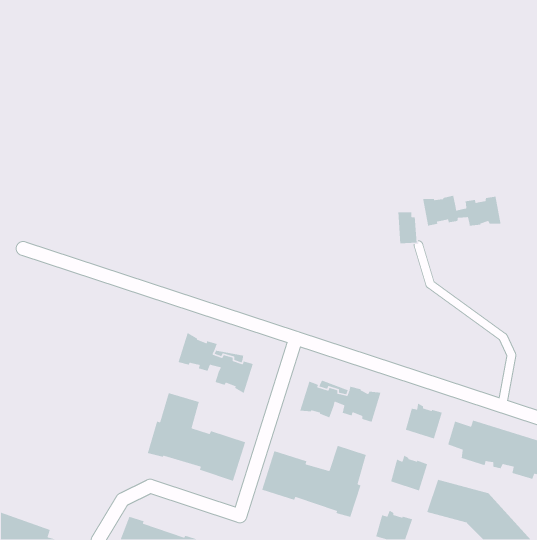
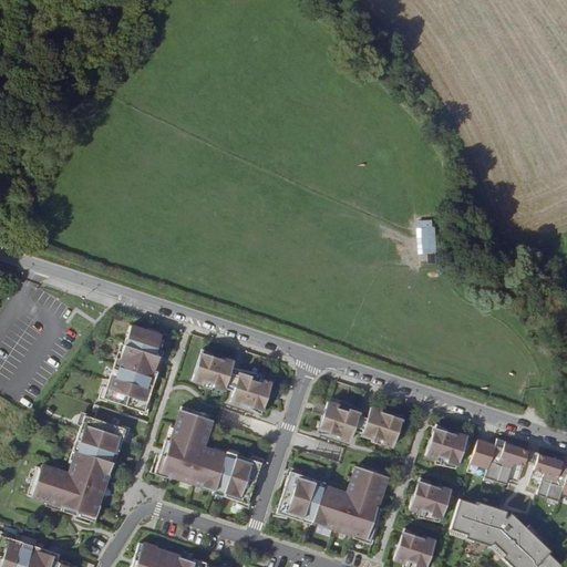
building: [422,195,501,227] -> none
building: none -> [105,324,167,411]
building: none -> [32,414,127,519]

